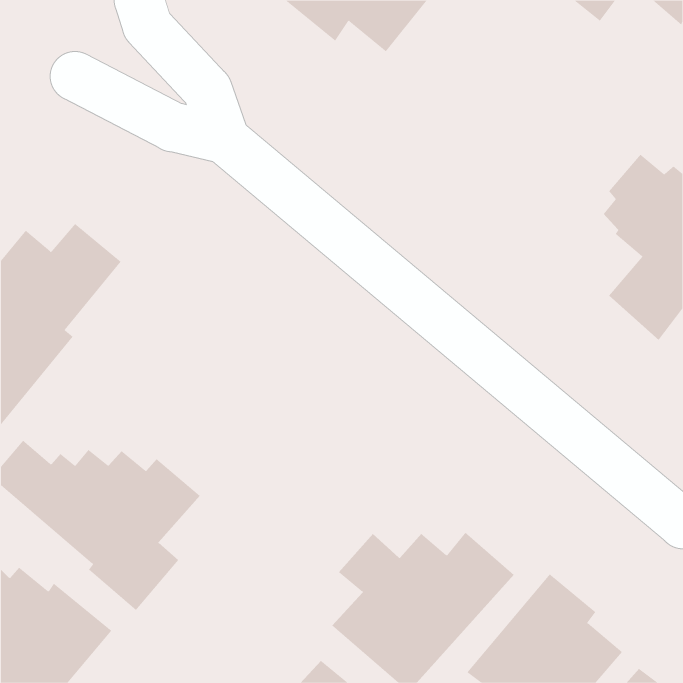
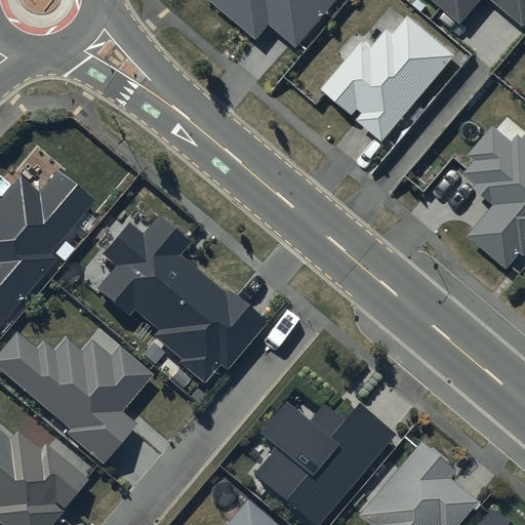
building: none -> [320,5,453,134]
building: none -> [96,214,270,379]

